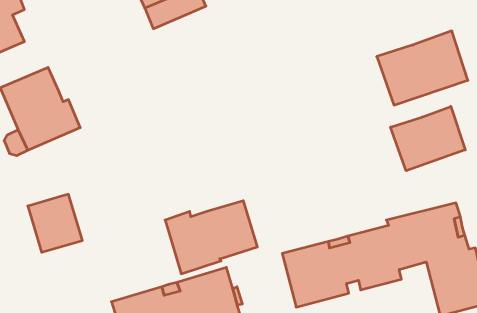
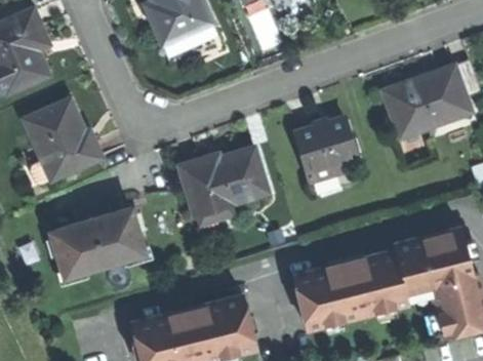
building: none -> [296,117,356,170]
building: [391,106,465,171] -> none
building: none -> [89,208,143,265]
building: [165,201,257,274] -> [179,148,268,217]

